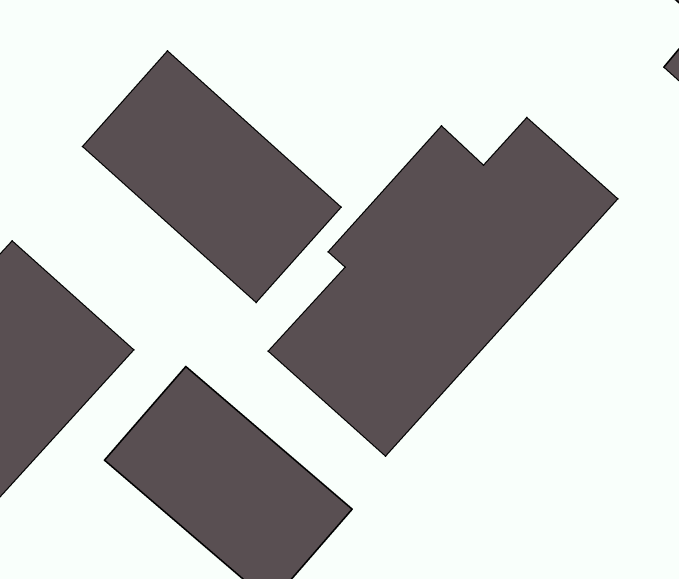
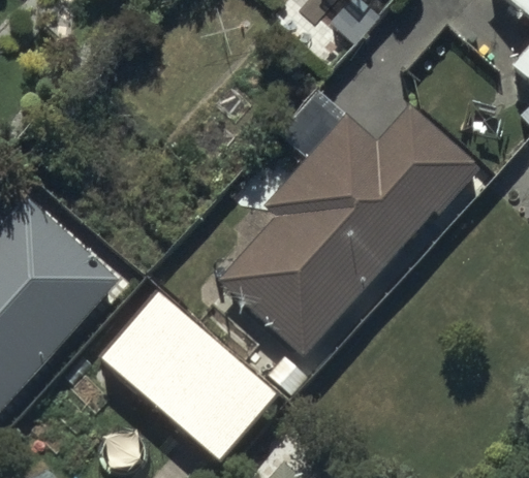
building: [83,51,341,303] -> none

